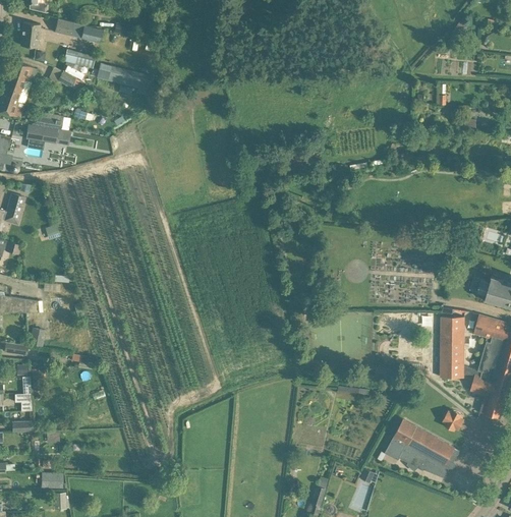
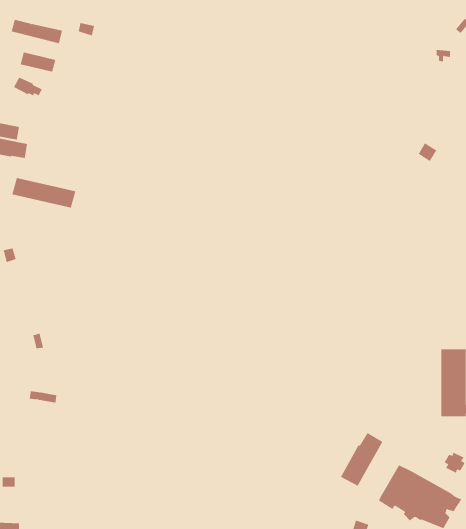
building: [95,62,153,90] -> [11,178,76,208]
building: none -> [340,432,383,487]

